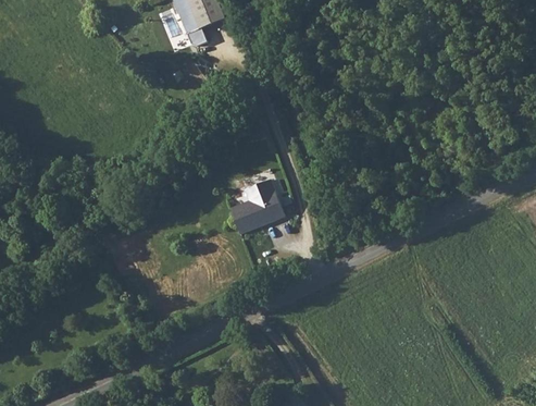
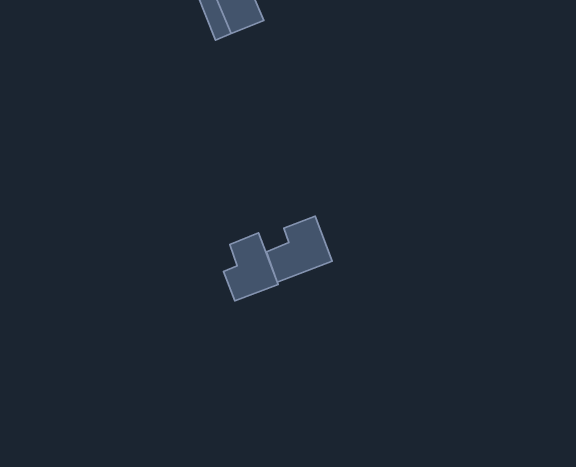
building: none -> [224,233,278,301]

